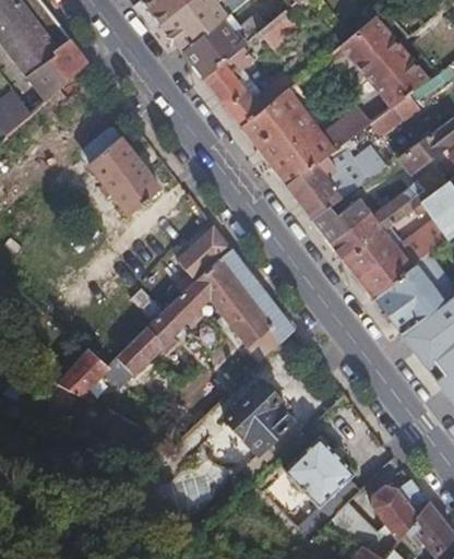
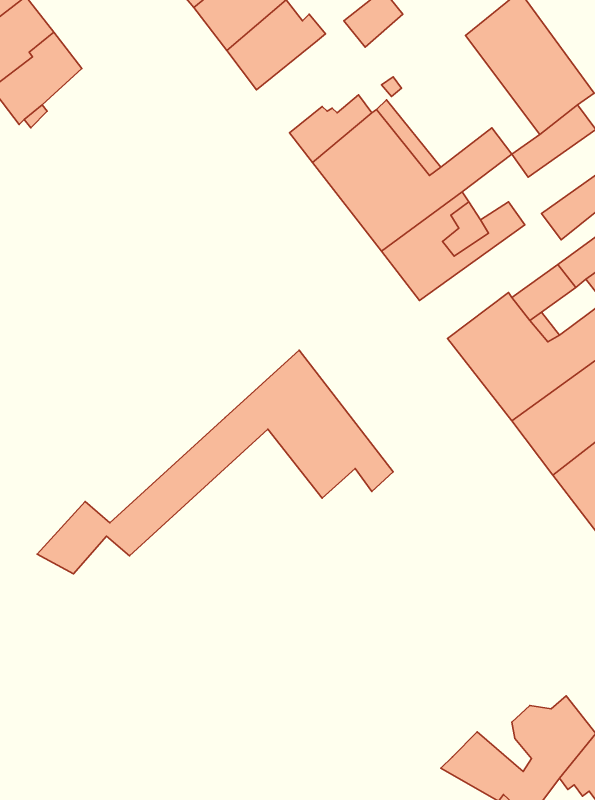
building: [202,44,252,105] -> none
building: [81,128,160,214] -> none
building: [310,197,369,241] -> none
building: [175,225,230,294] -> none
building: [226,381,303,491] -> none
building: [286,437,361,519] -> none

